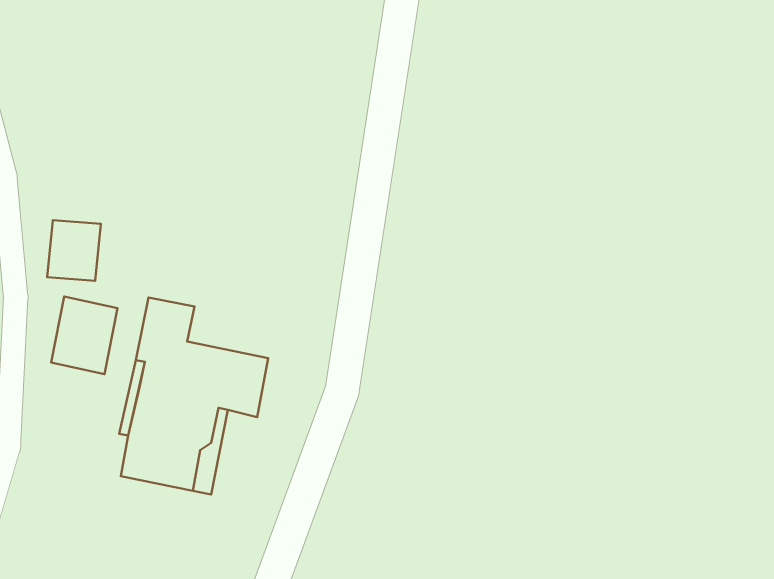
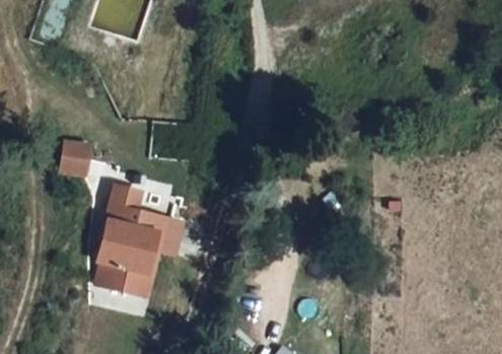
building: [51,296,118,374] -> none

